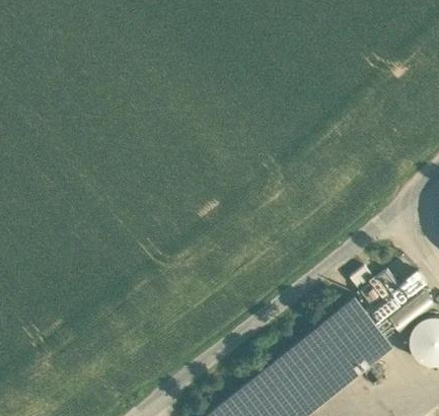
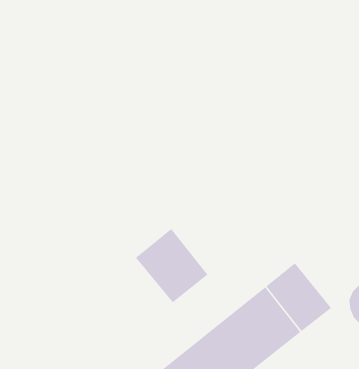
building: none -> [135,228,208,303]

